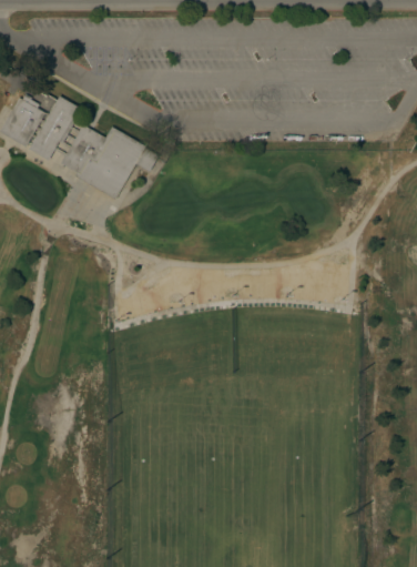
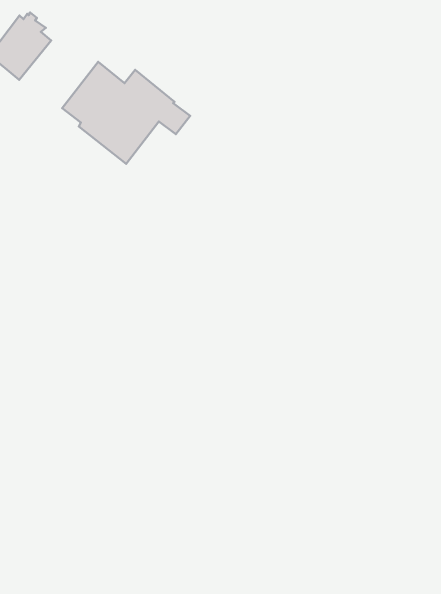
building: [28,95,81,160] -> none

